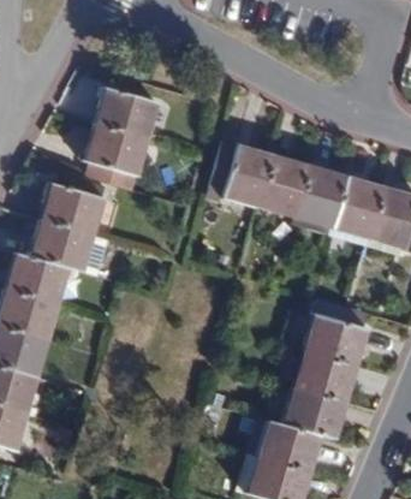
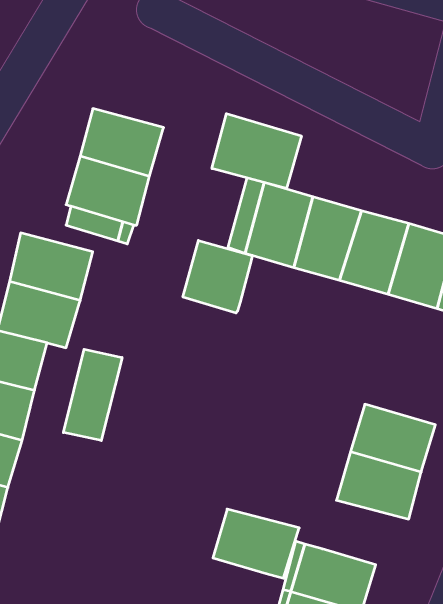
building: none -> [212,114,301,188]
building: none -> [183,240,252,313]
building: none -> [63,349,122,441]
building: [280,387,346,440] -> [213,509,299,578]

